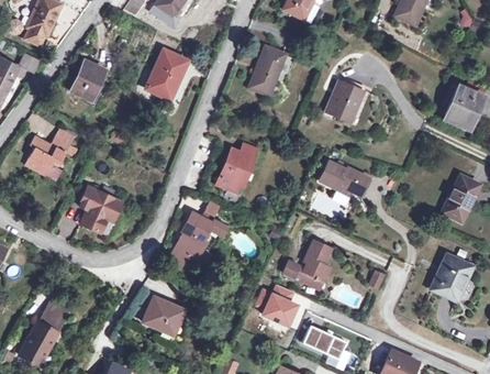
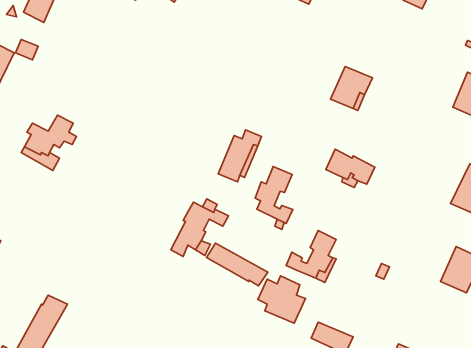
building: [249,46,283,95] -> none
building: [146,50,188,96] -> none
building: [71,59,105,100] -> none
building: none -> [255,167,293,223]
building: [79,185,122,231] -> none
building: none -> [207,243,268,286]
building: [143,296,183,332] -> none

